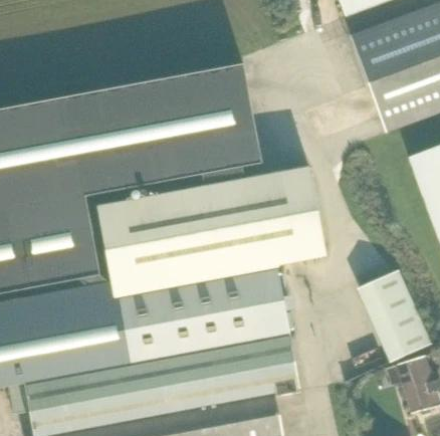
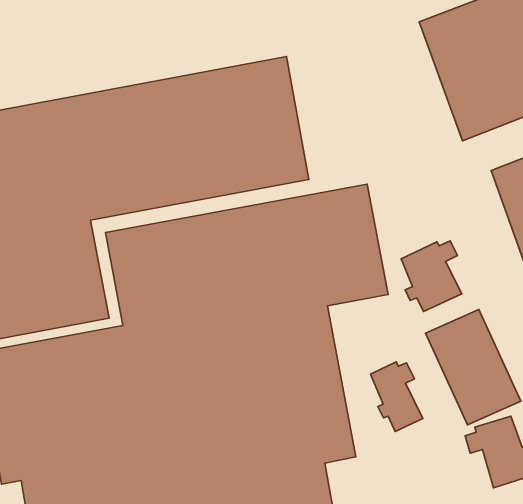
building: none -> [401,241,462,312]
building: none -> [370,362,423,431]

